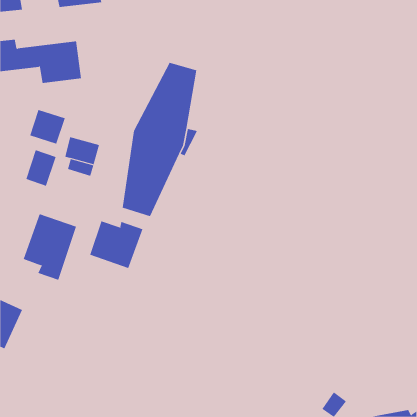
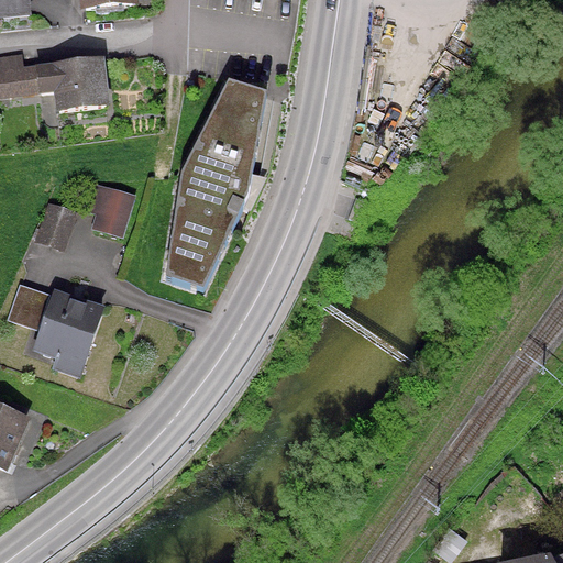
building: [29,109,65,145] -> none
building: none -> [5,283,48,330]
building: [89,221,143,269] -> none

